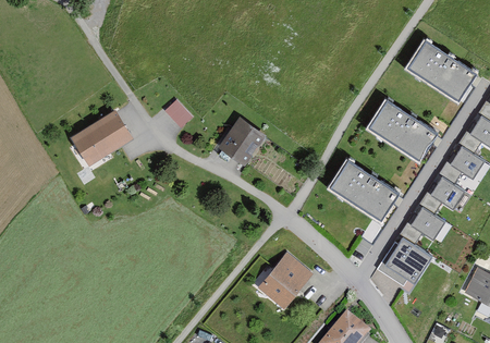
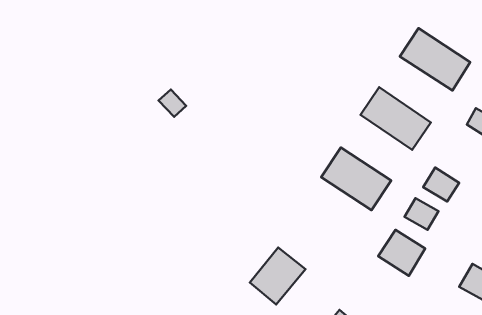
building: [69,112,131,170] -> none
building: [217,120,265,169] -> none
building: [450,147,481,176] -> none

